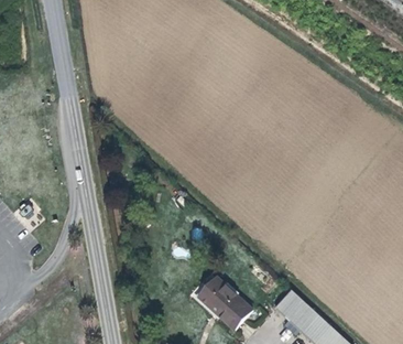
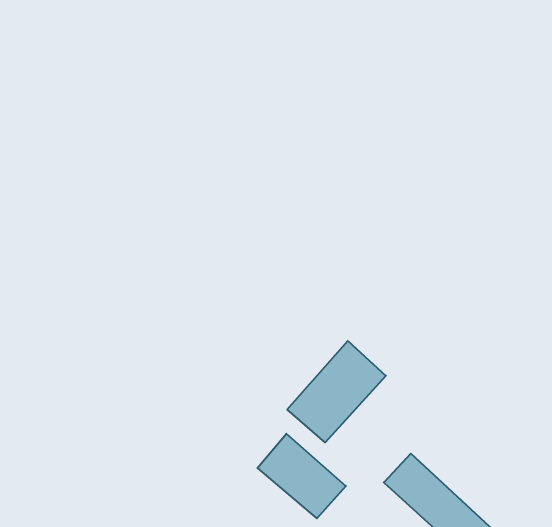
building: none -> [287,341,386,442]

